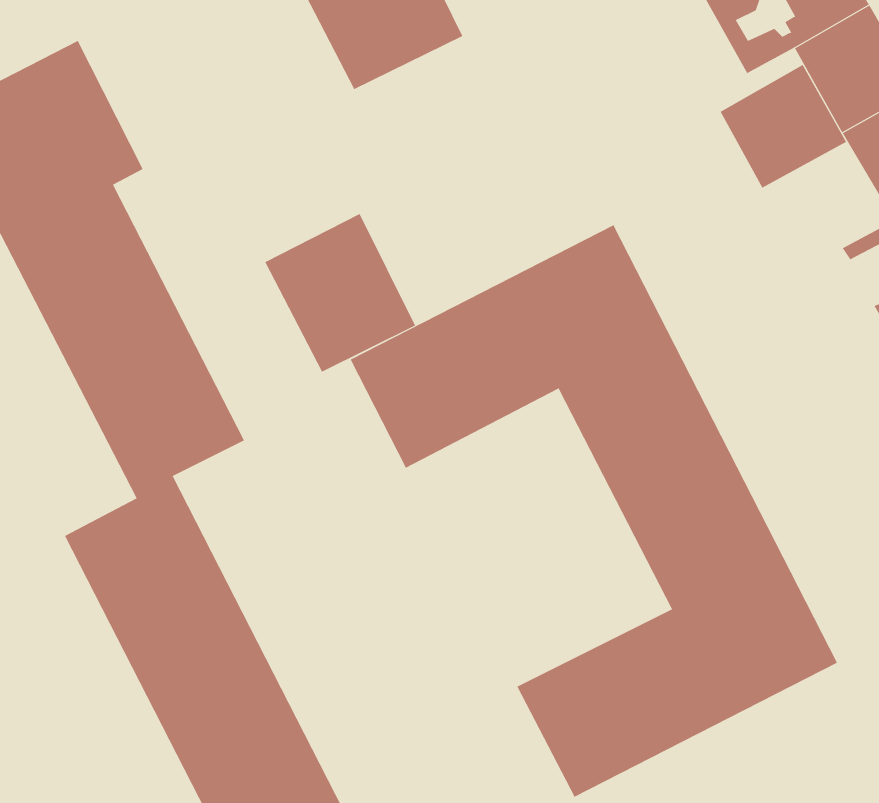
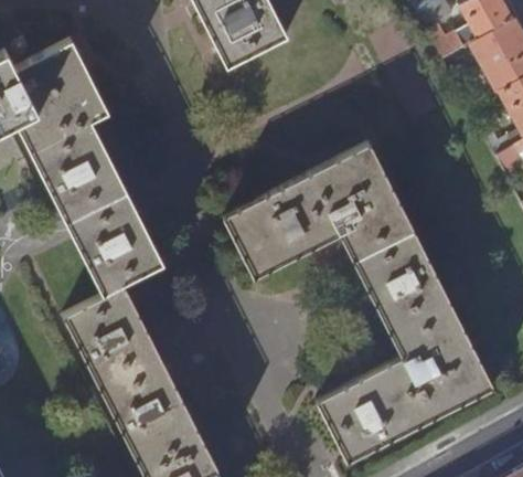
building: [720,64,847,189] -> none
building: [265,213,416,372] -> none

